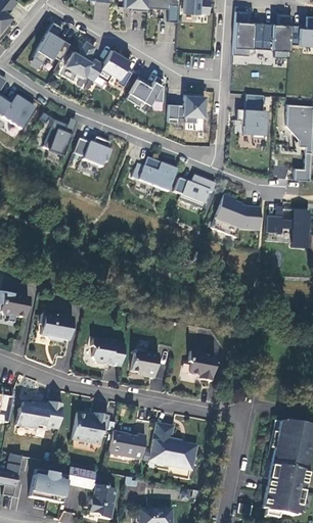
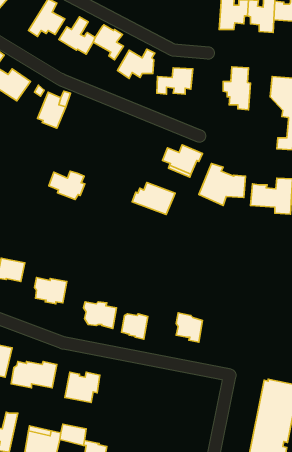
building: [74,137,111,167] -> [49,171,85,200]
building: [132,157,177,191] -> [132,182,175,215]
building: [149,423,195,468] -> none
building: [108,431,146,460] -> none

